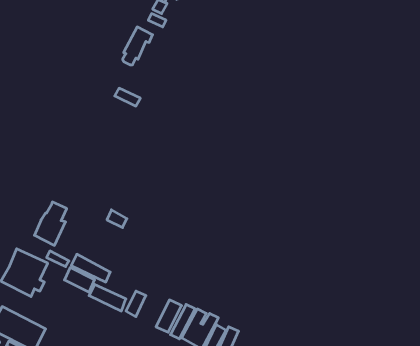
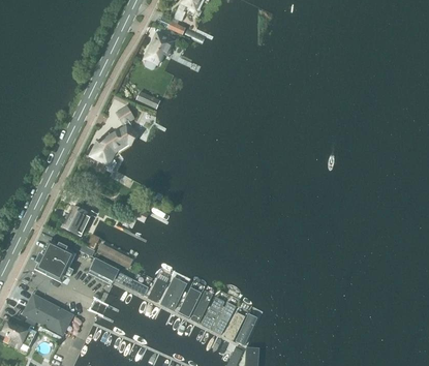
building: none -> [90,105,141,165]
building: none -> [161,279,188,312]

